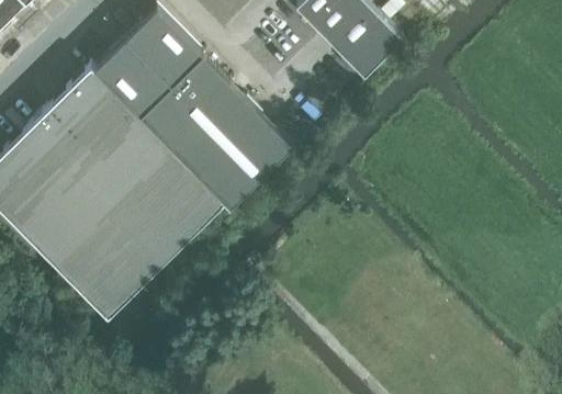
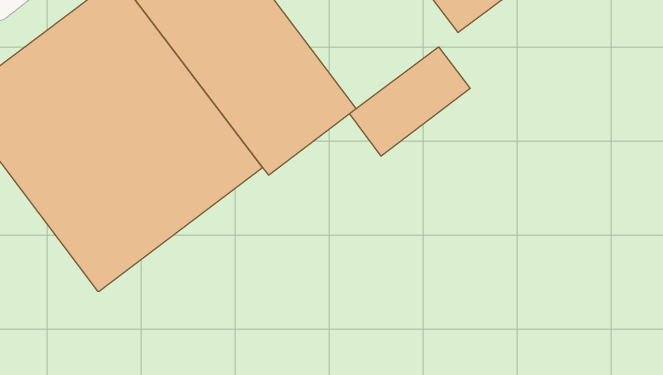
building: none -> [350,47,470,156]

